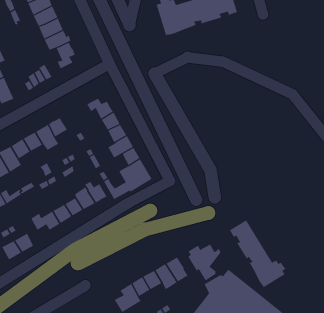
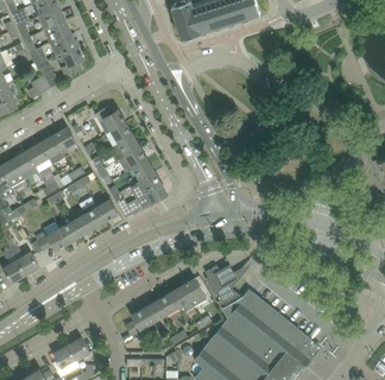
building: [229,220,286,288] -> none

